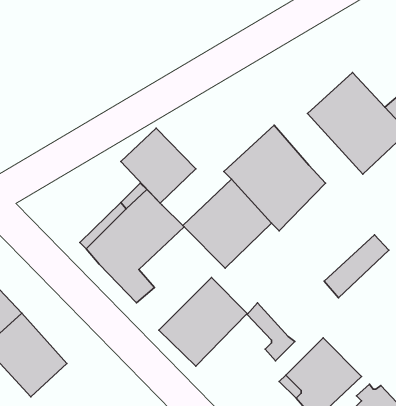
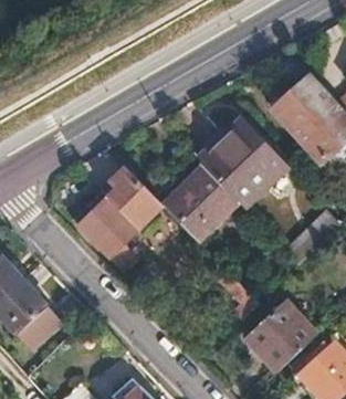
building: [121,128,196,203] -> none
building: [159,278,247,366] -> none

